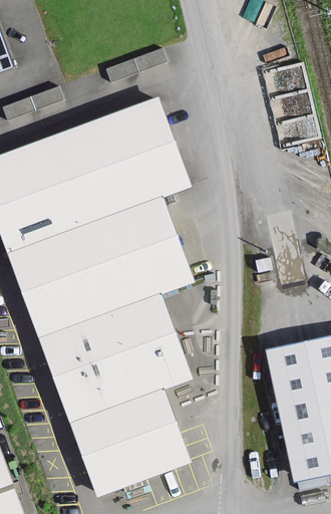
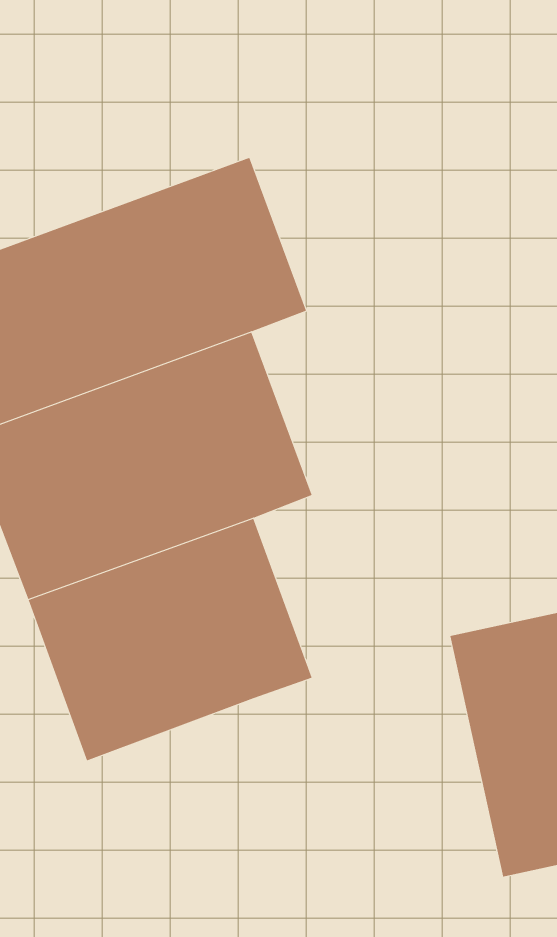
building: [72,386,190,495] -> none

